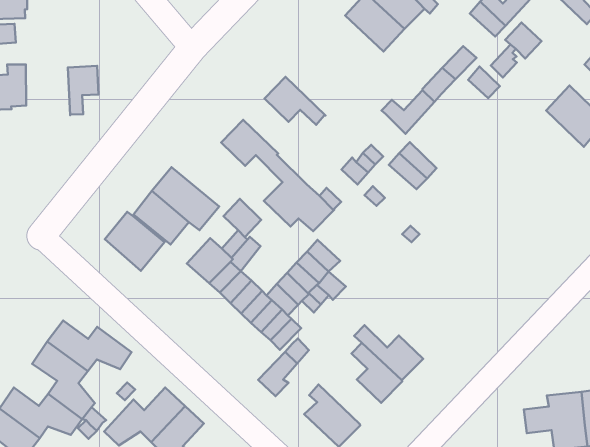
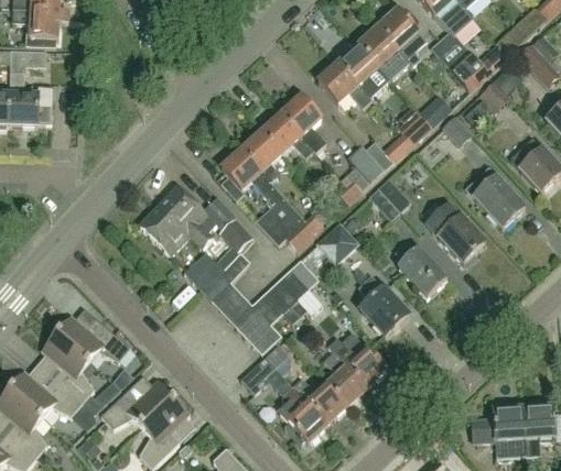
building: none -> [317,62,371,107]
building: none -> [281,94,325,151]
building: [68,66,99,115] -> none
building: none -> [241,130,281,179]
building: none -> [347,144,384,182]
building: none -> [466,166,525,226]
building: none -> [424,200,486,263]
building: none -> [315,222,358,264]
building: [105,212,165,271] -> none
building: none -> [395,241,446,296]
building: none -> [357,273,408,333]
building: none -> [292,377,346,423]

